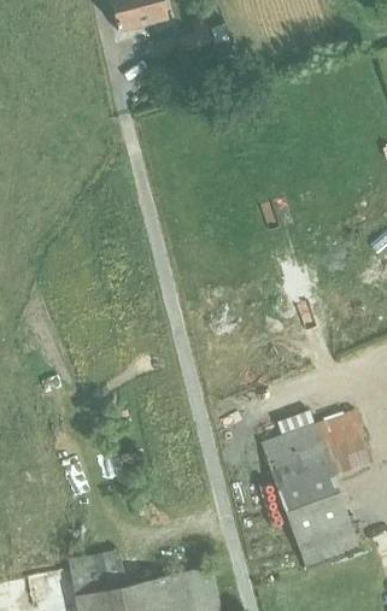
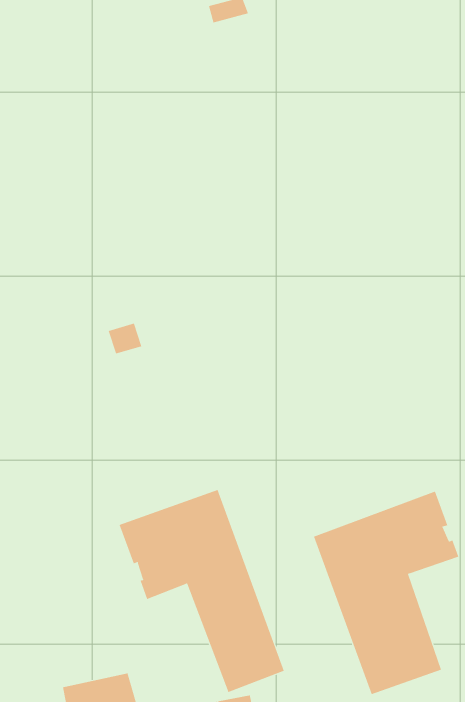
building: none -> [119,489,285,693]

